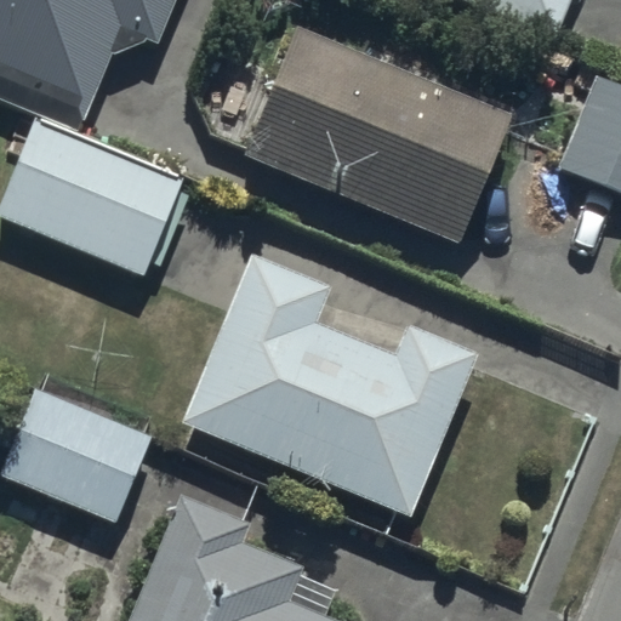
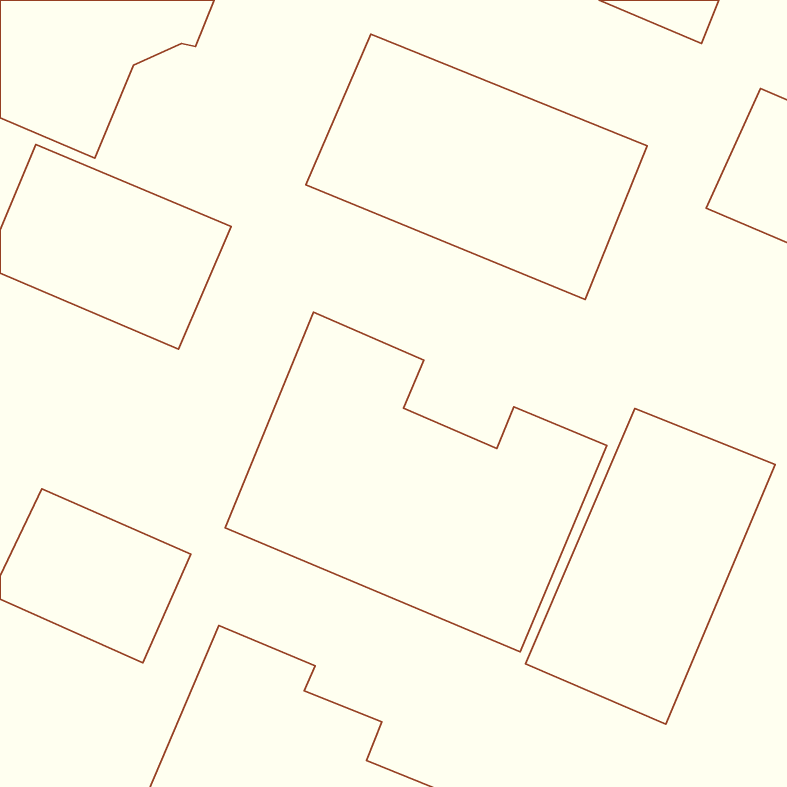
building: none -> [526,409,775,724]

